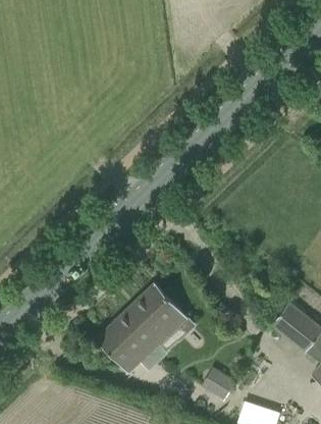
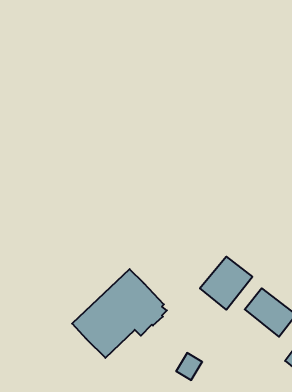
building: none -> [200,257,252,310]

